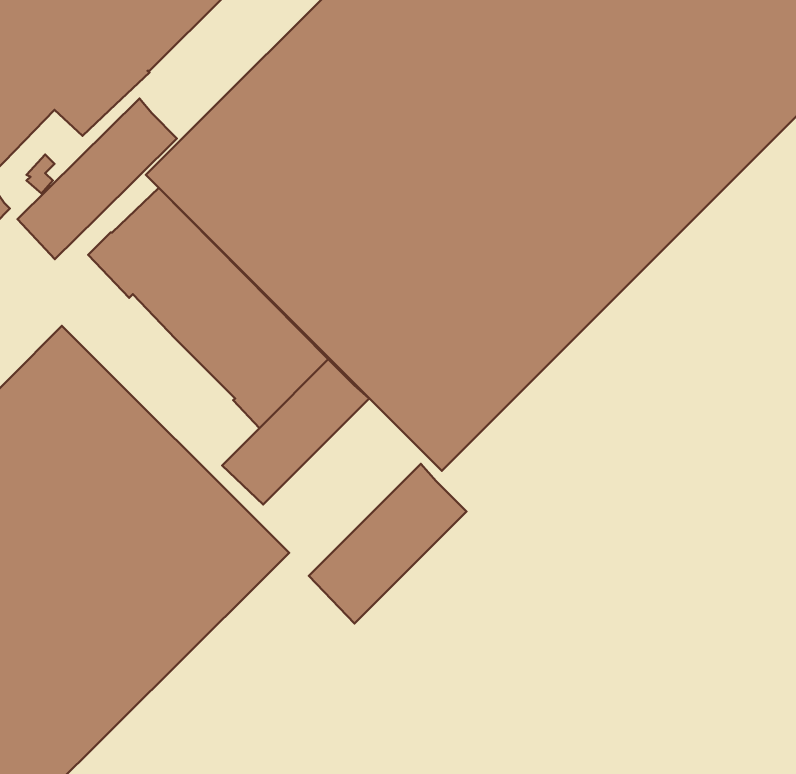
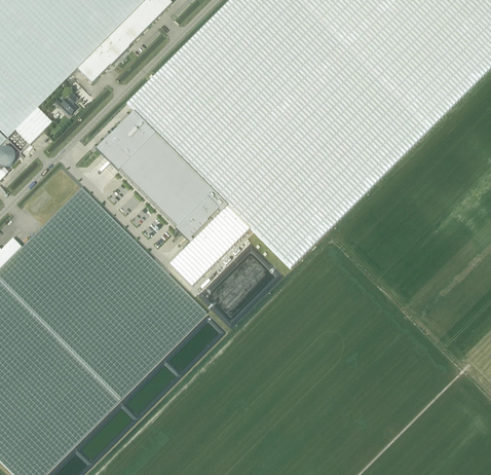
building: [18,99,177,259] -> none
building: [309,464,466,623] -> none

